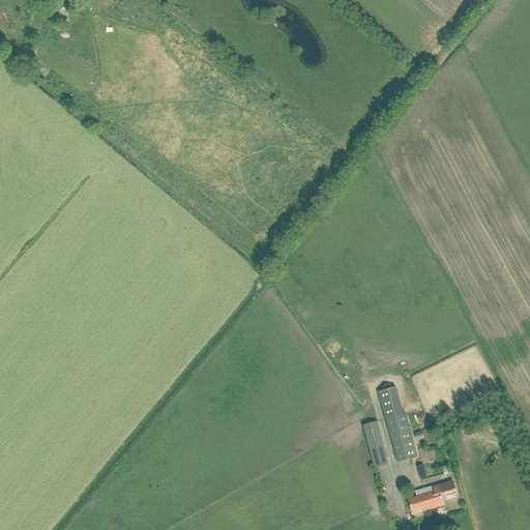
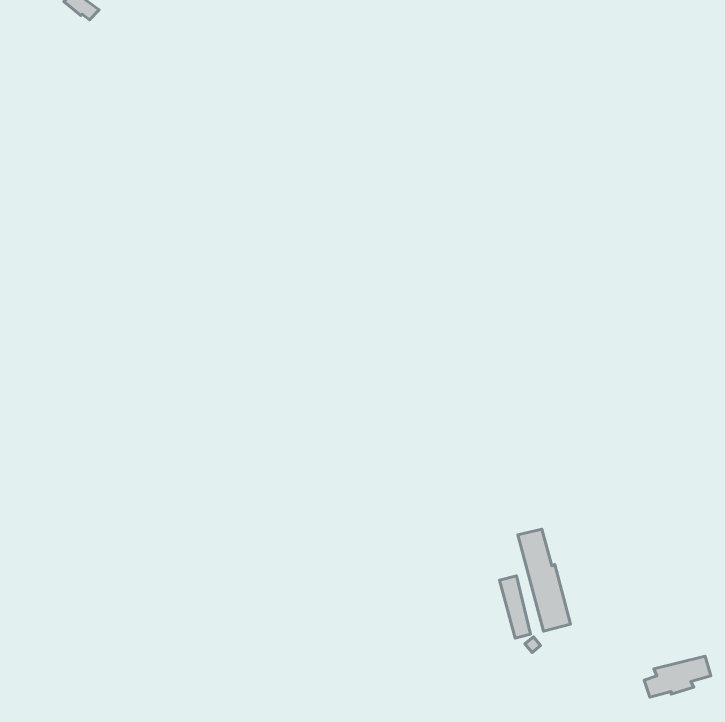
building: [408,480,457,510] -> [644,656,711,697]

